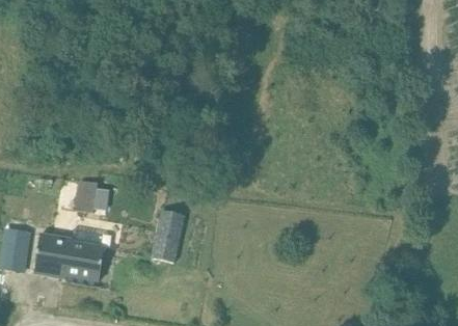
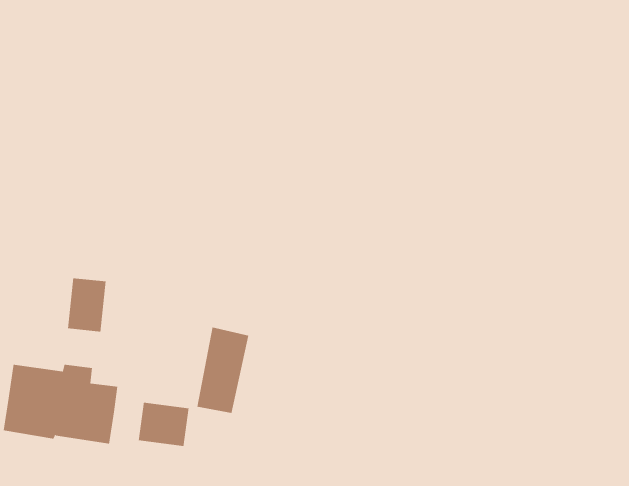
building: none -> [138,402,189,447]

